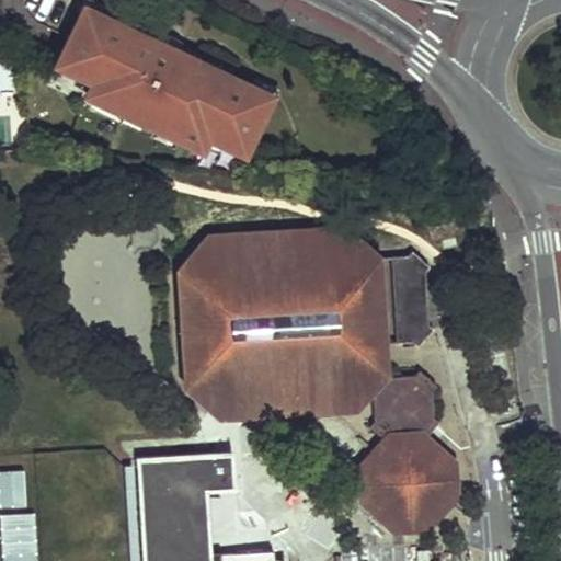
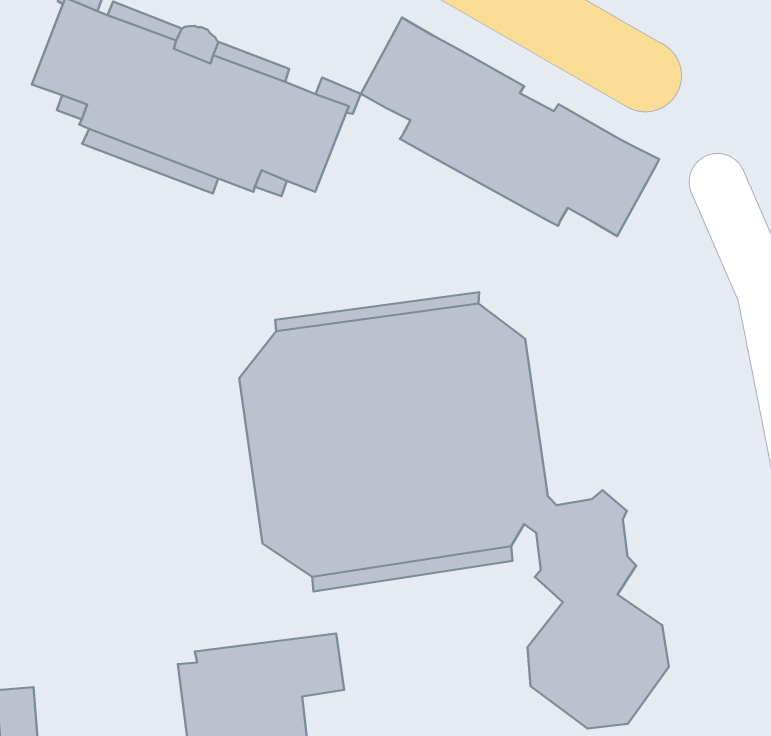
building: none -> [361,18,659,236]
building: [390,251,432,347] -> none

